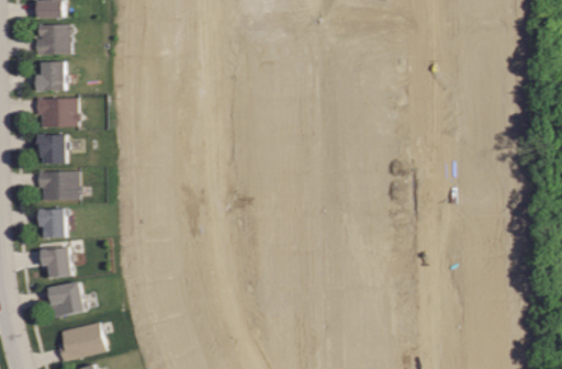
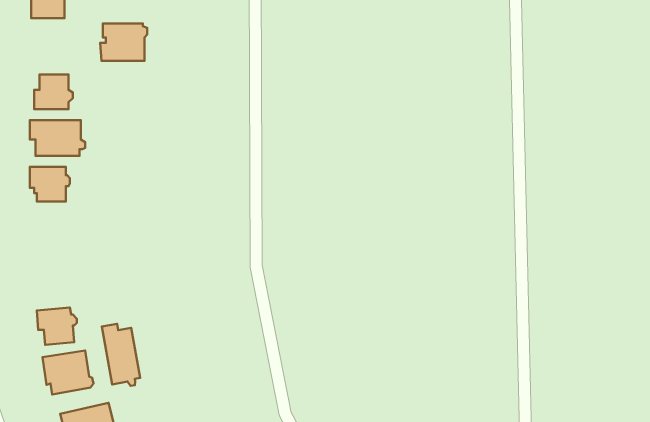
building: [34,24,71,54] -> [100,24,147,61]
building: [40,172,80,200] -> none
building: [37,209,67,236] -> none
building: none -> [102,324,140,386]

